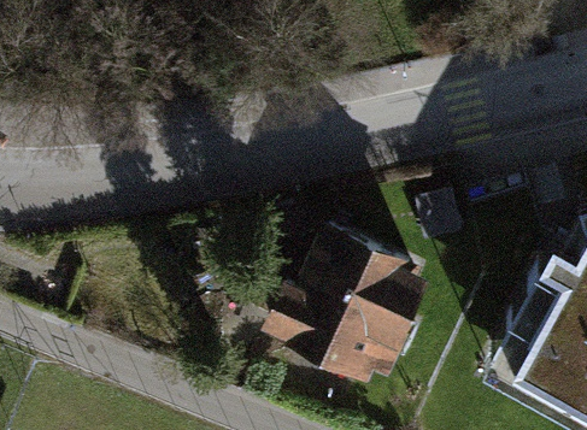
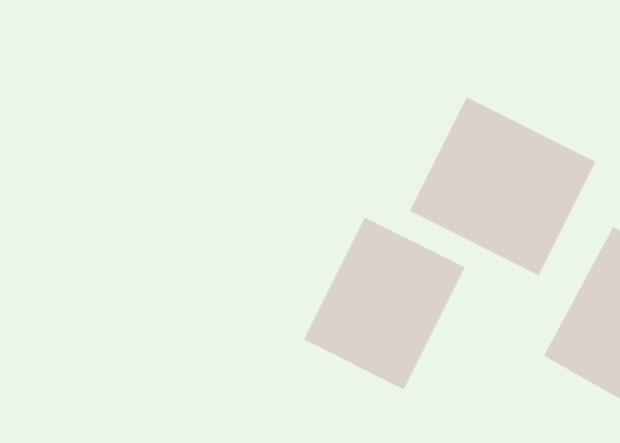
building: none -> [409,97,596,276]

